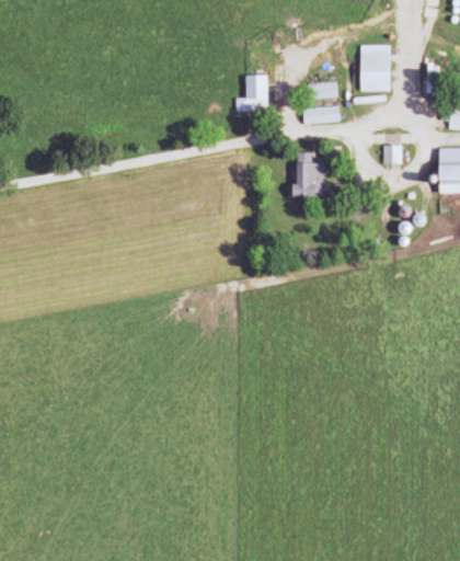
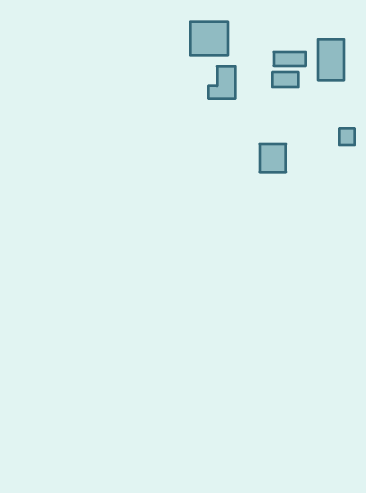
building: none -> [190,22,228,55]
building: [303,107,340,123] -> [274,52,306,66]

